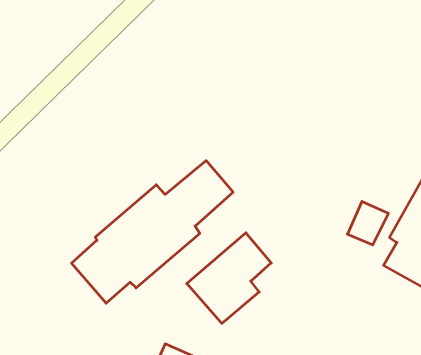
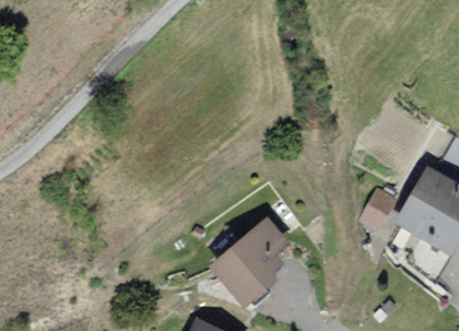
building: [72,161,233,303] -> none

